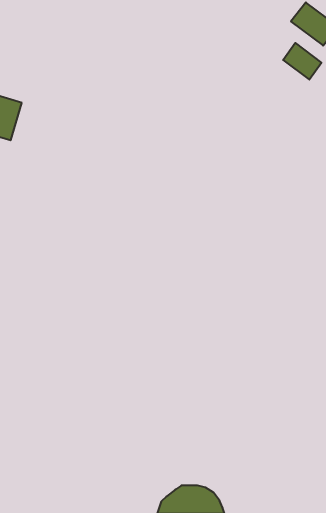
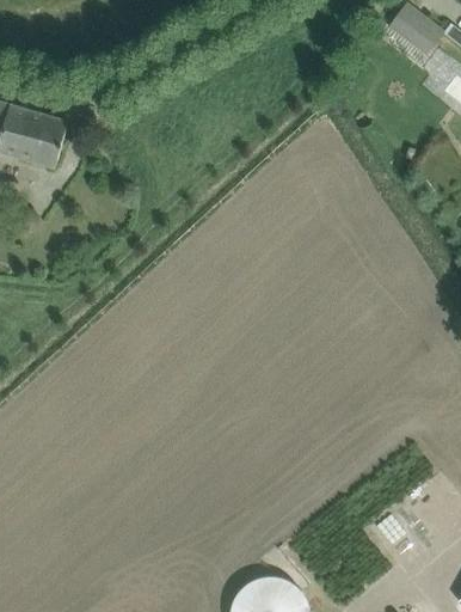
building: [283,43,321,80] -> none

